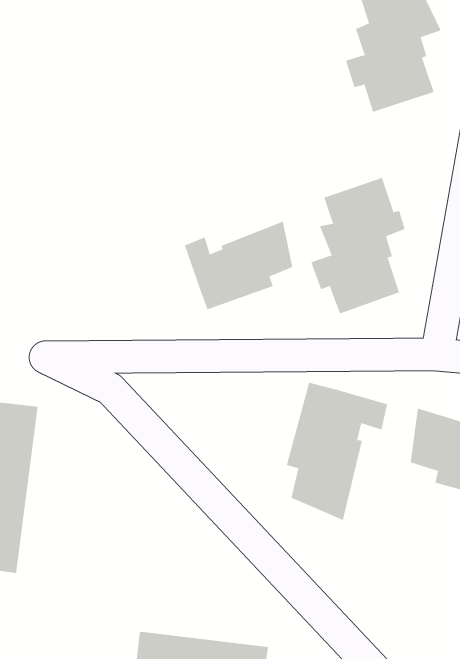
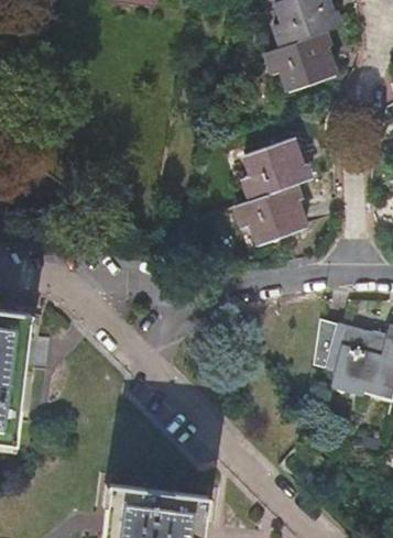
building: [183,221,293,310] -> none
building: [286,382,388,521] -> none

